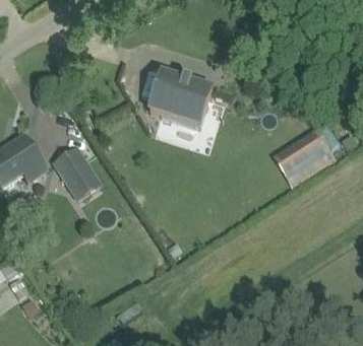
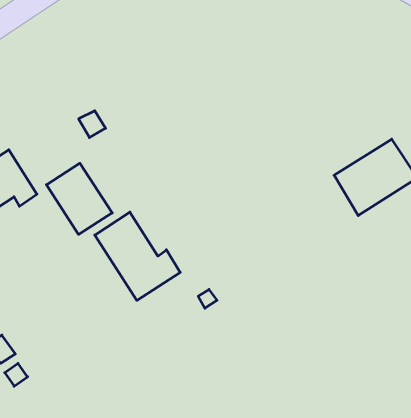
building: [148,72,211,127] -> none
building: none -> [95,212,180,300]

